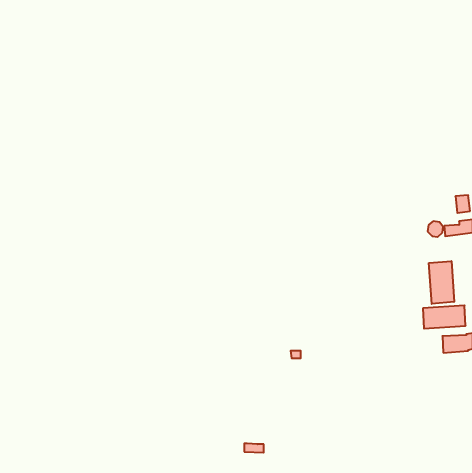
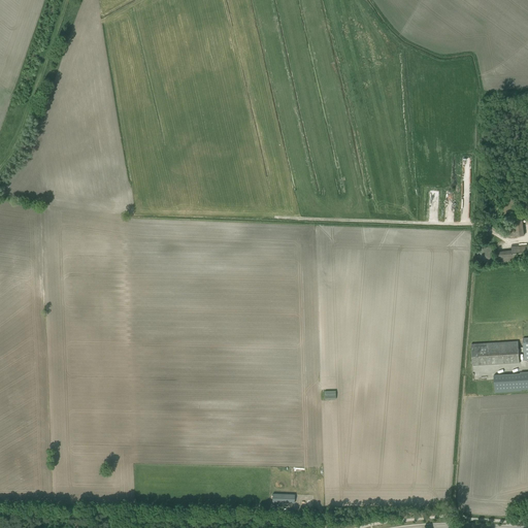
building: [429,261,454,304] -> none

